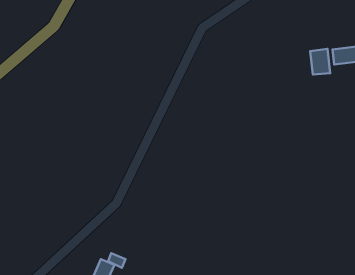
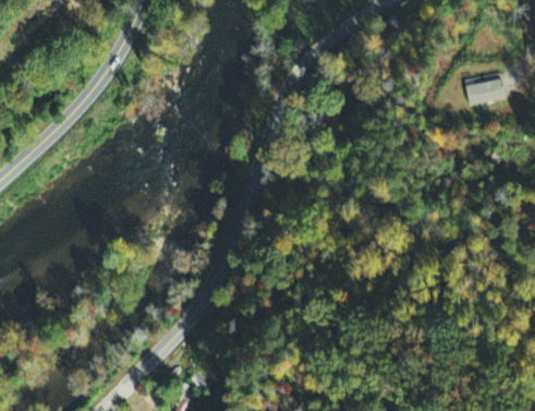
building: [310,49,330,75] -> none

